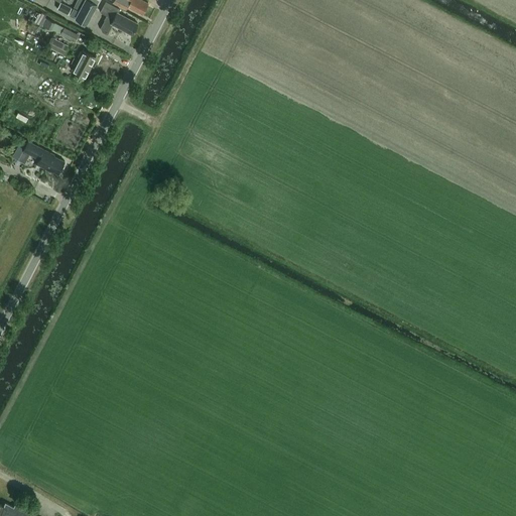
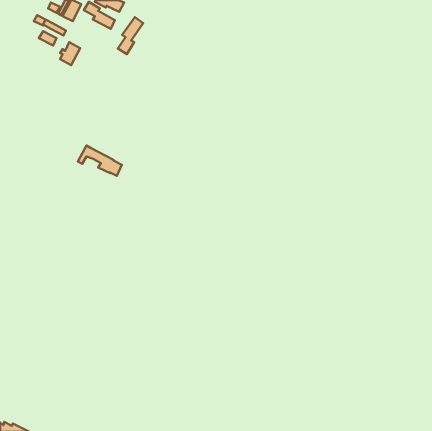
building: none -> [118,17,143,54]
building: [12,139,64,175] -> [78,145,122,176]

